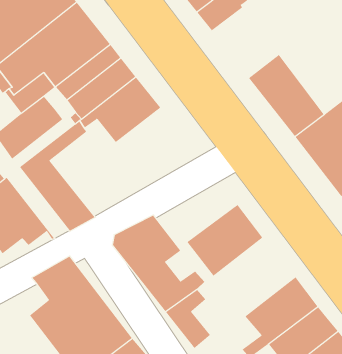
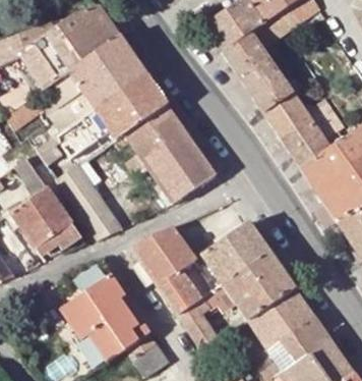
building: none -> [235,51,304,113]
building: none -> [145,134,216,205]
building: none -> [224,254,296,322]

